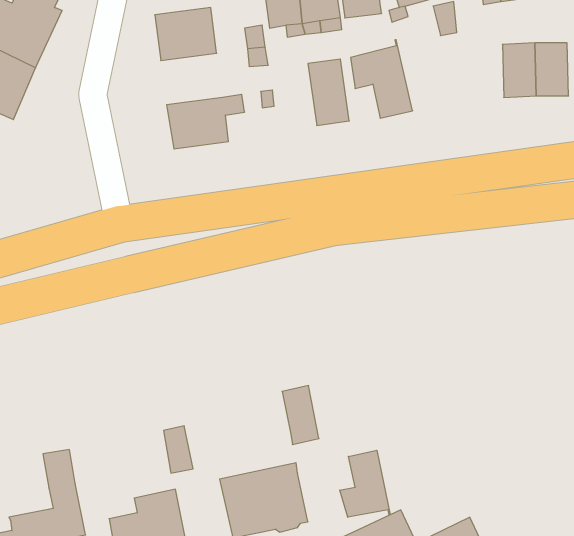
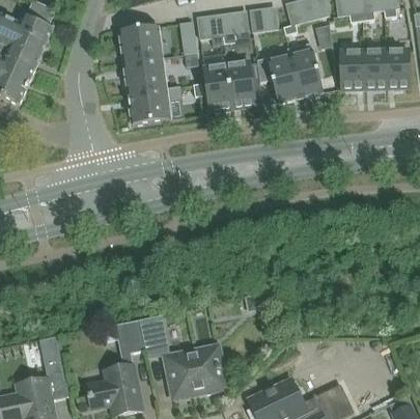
building: none -> [288,43,323,97]
building: none -> [340,51,364,88]
building: none -> [122,57,166,93]
building: none -> [203,64,232,111]
building: [282,386,319,445] -> [139,315,165,357]
building: [340,450,390,517] -> none

